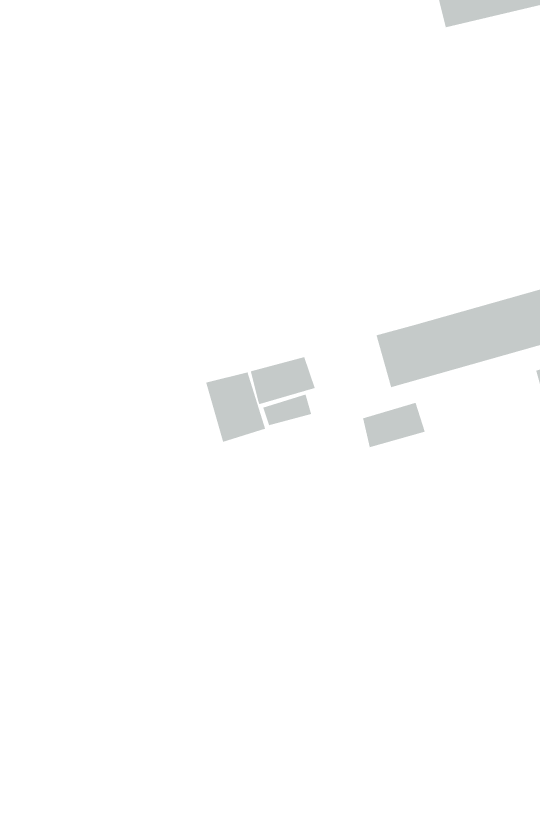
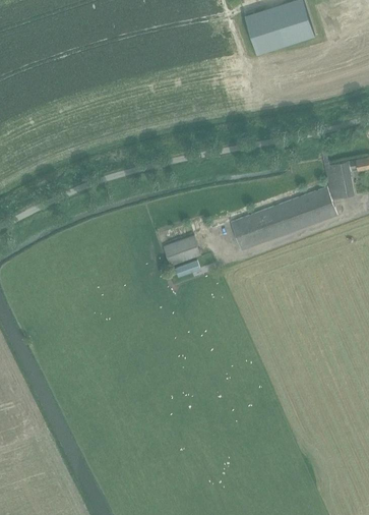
building: [205,371,266,443] -> none
building: [362,402,426,448] -> none

